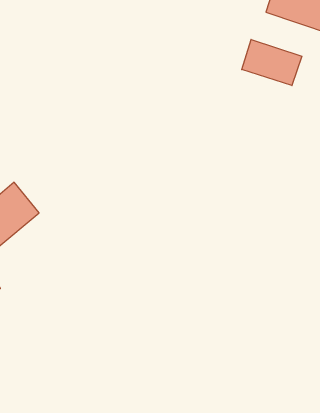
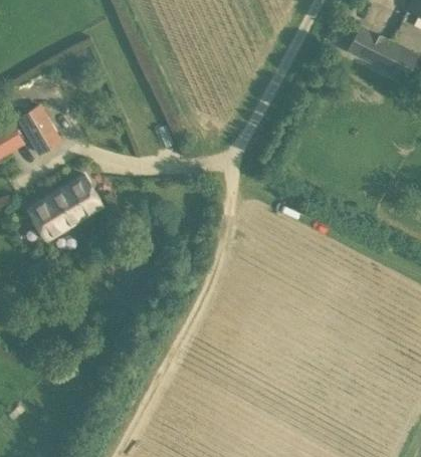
building: [242,39,302,86] -> none

